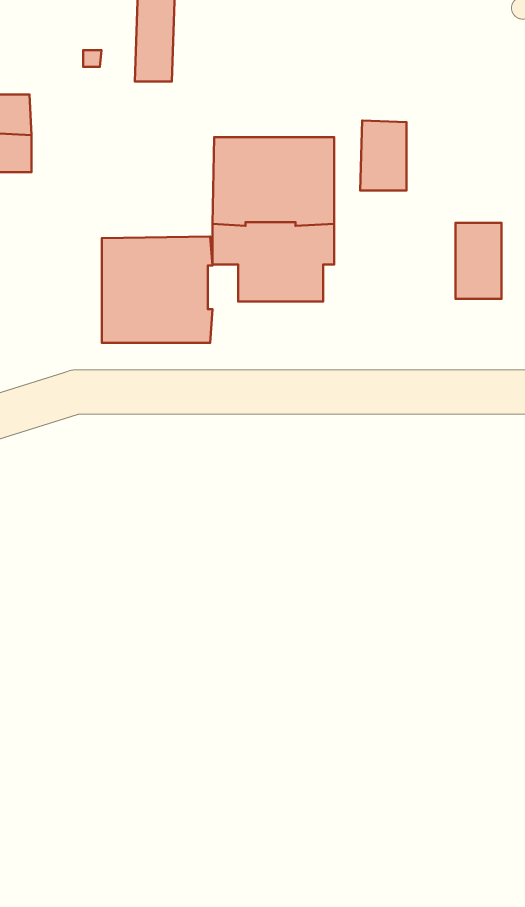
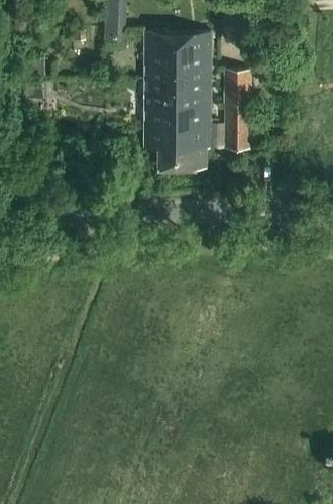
building: none -> [145,34,212,81]
building: [455,223,502,299] -> [225,110,250,151]
building: [102,237,212,343] -> none

